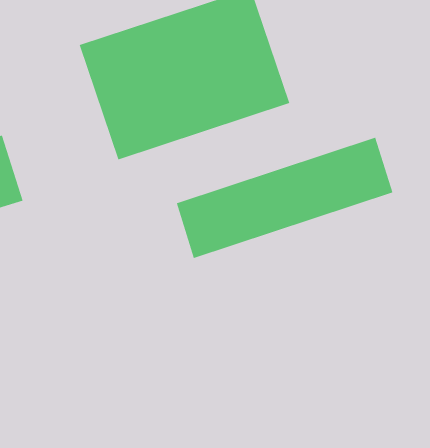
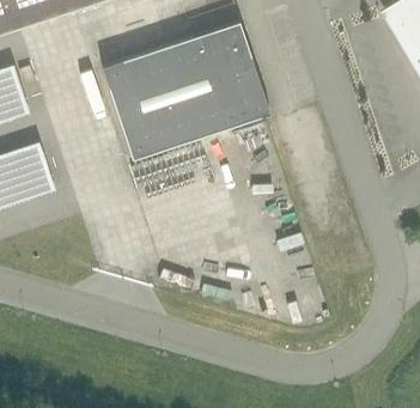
building: [176,137,393,259] -> none

